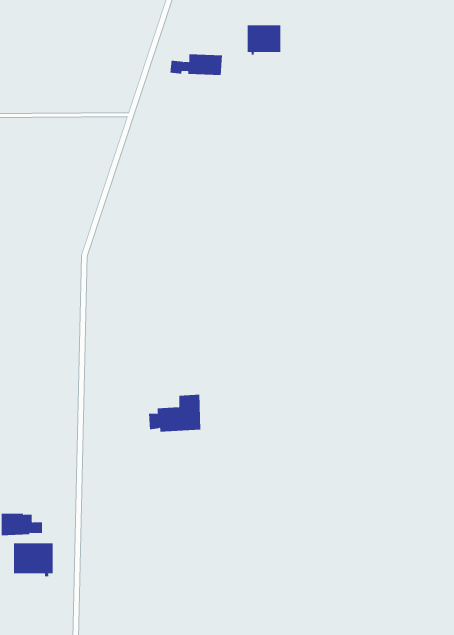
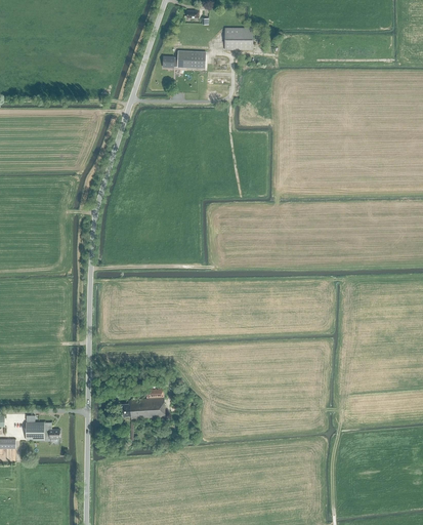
building: [148,394,201,432] -> [121,388,164,418]
building: [14,543,53,577] -> none

